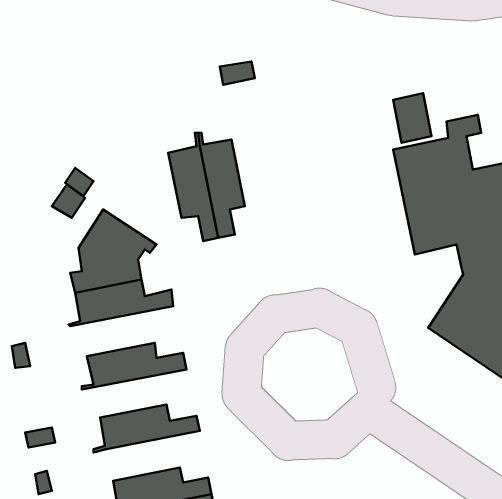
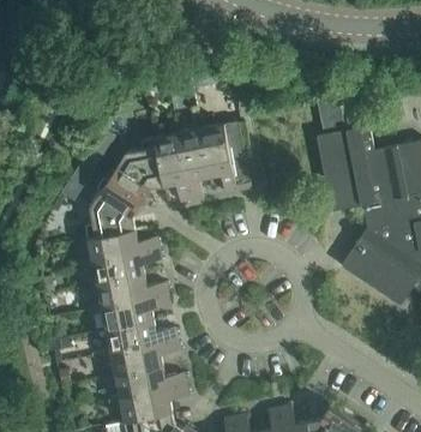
building: none -> [200,124,251,194]
building: none -> [108,139,164,205]
building: none -> [84,250,161,286]
building: none -> [92,295,170,330]
building: none -> [101,340,180,376]

